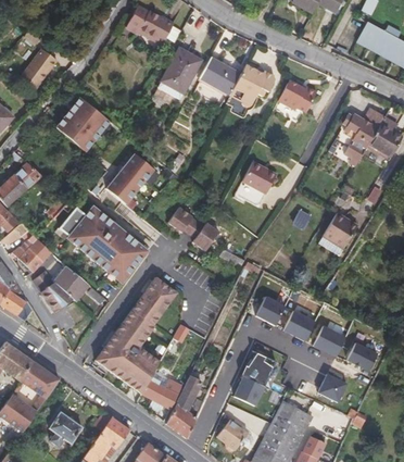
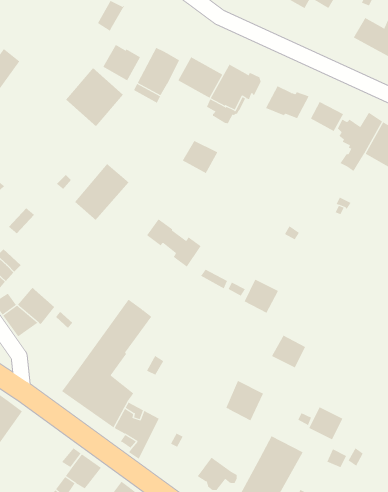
building: [139,11,174,45] -> [102,44,141,81]
building: [56,97,110,151] -> [65,67,124,127]
building: none -> [310,101,344,132]
building: [240,166,273,197] -> [182,140,218,174]
building: [58,204,147,283] -> none
building: [324,212,358,249] -> none
building: [256,295,288,326] -> [244,279,279,314]
building: [313,325,344,357] -> none
building: [345,340,377,371] -> none
building: [166,375,202,438] -> none
building: [235,376,265,407] -> none
building: [49,412,81,447] -> none

